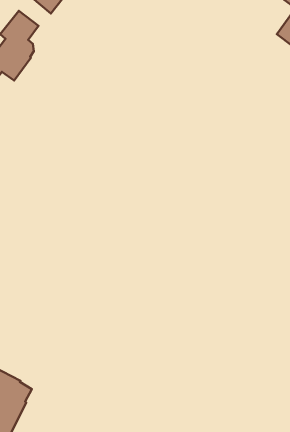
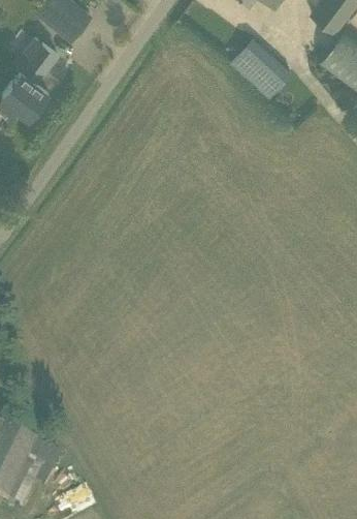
building: none -> [230,30,292,93]

